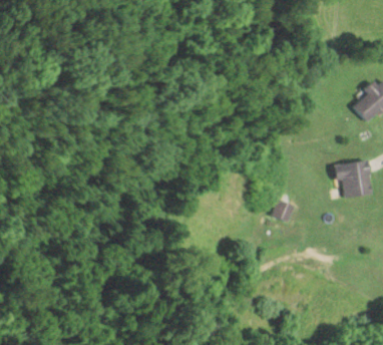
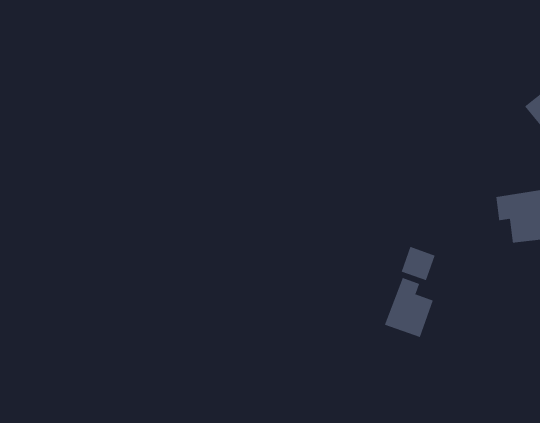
building: none -> [384,277,433,338]

